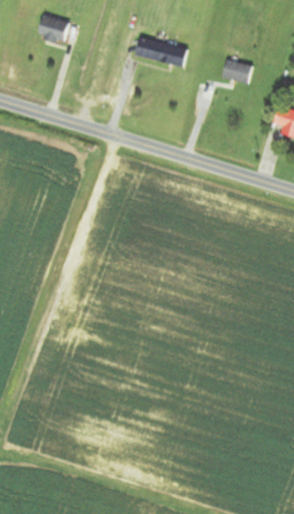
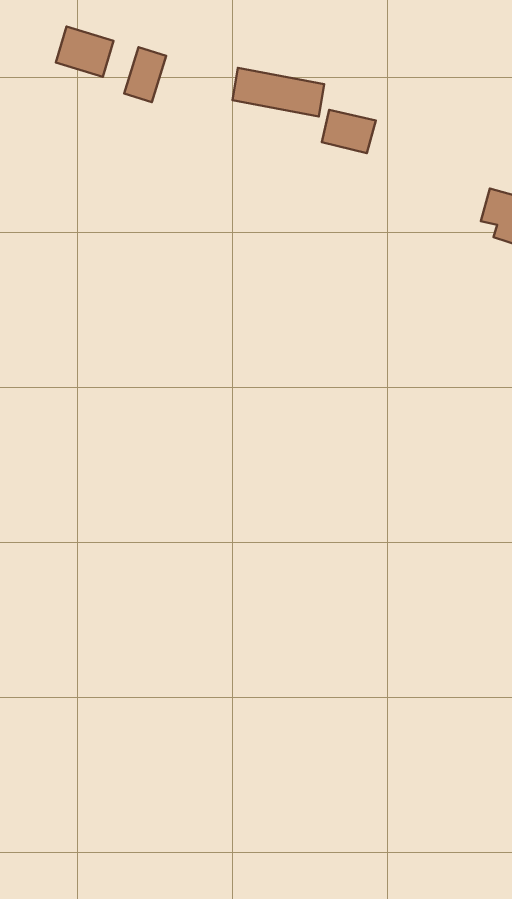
building: none -> [124,47,166,102]
building: [222,59,252,83] -> [322,110,376,153]

